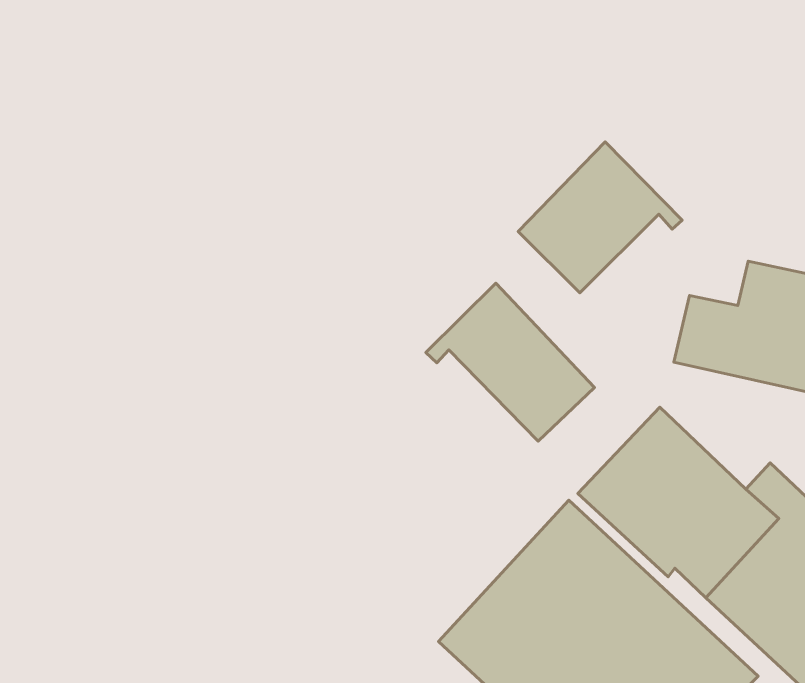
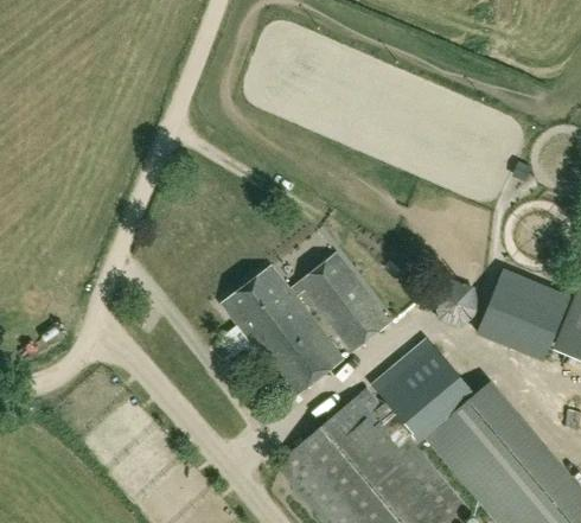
building: [518,142,682,293] -> none
building: none -> [222,267,344,398]

